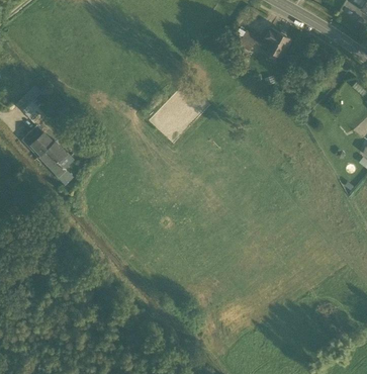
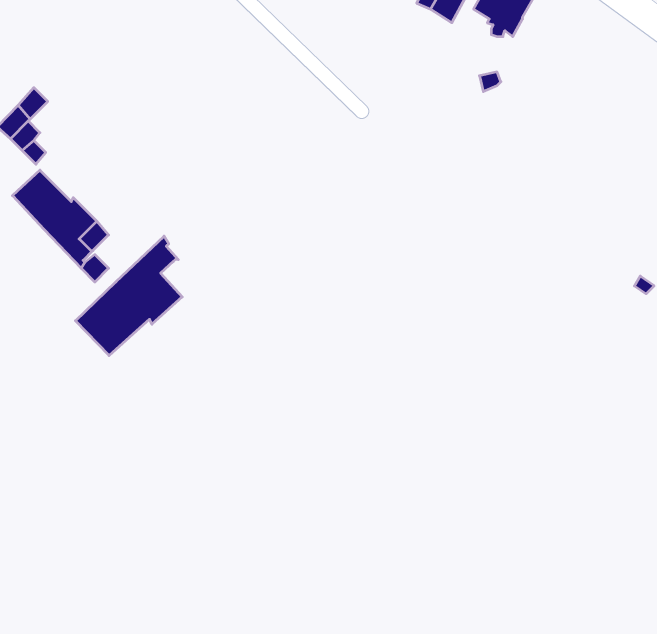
building: none -> [75,236,182,356]

